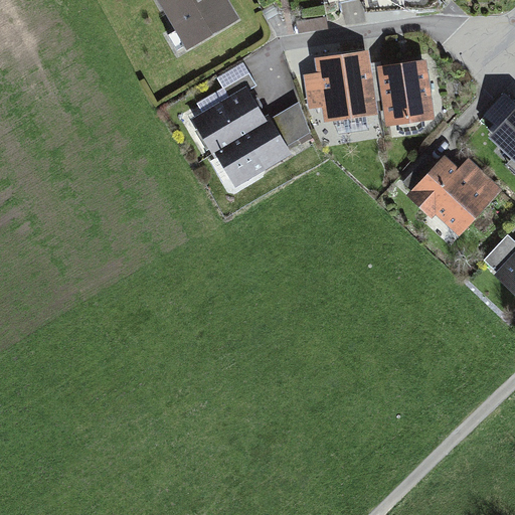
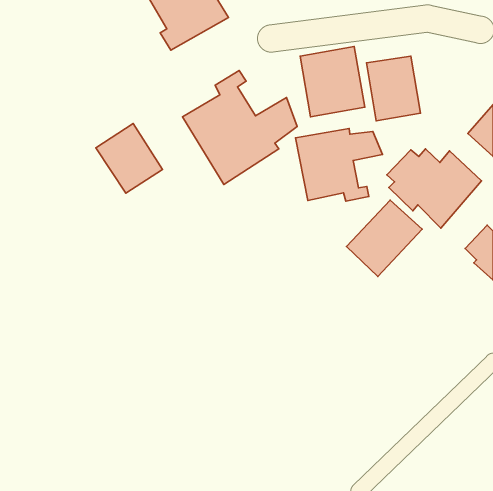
building: none -> [96,124,163,193]
building: none -> [295,129,383,201]
building: none -> [347,200,422,276]

